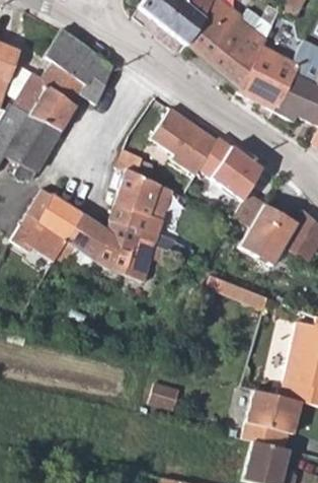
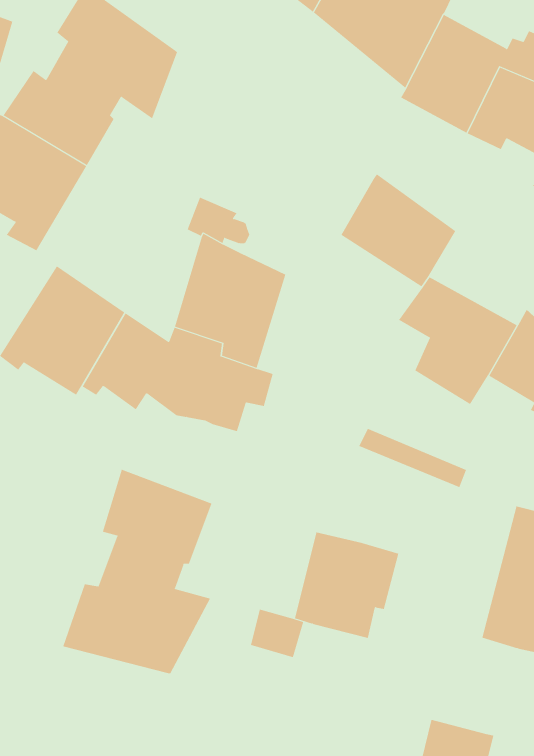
building: [155,107,221,174] -> none
building: none -> [62,469,212,674]
building: [243,390,302,450] -> [294,532,399,638]

